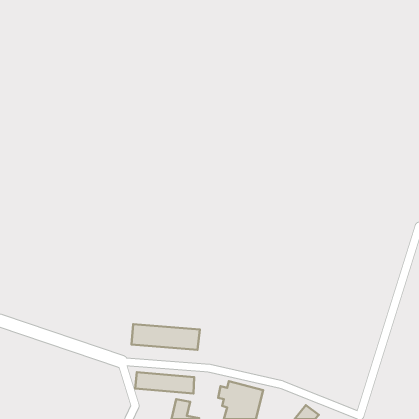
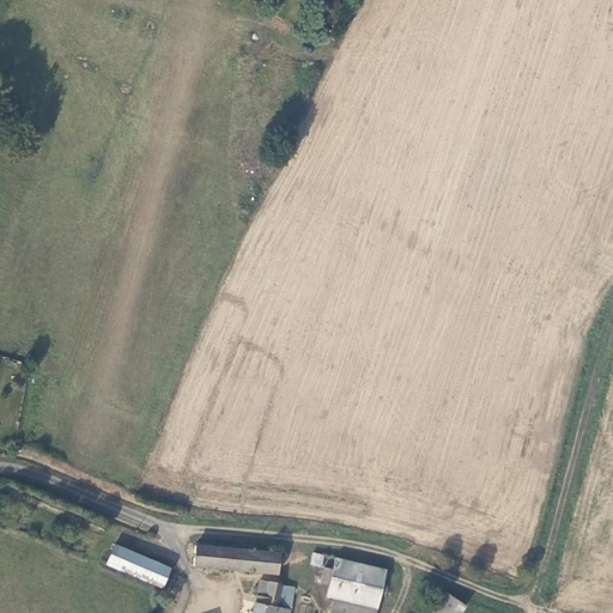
building: [132,324,200,350] -> none
building: none -> [109,544,174,588]

